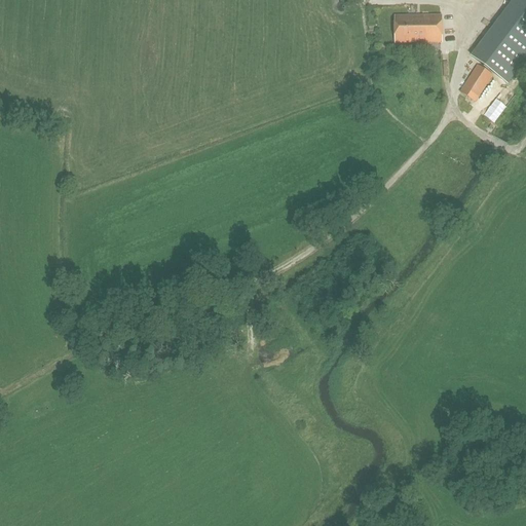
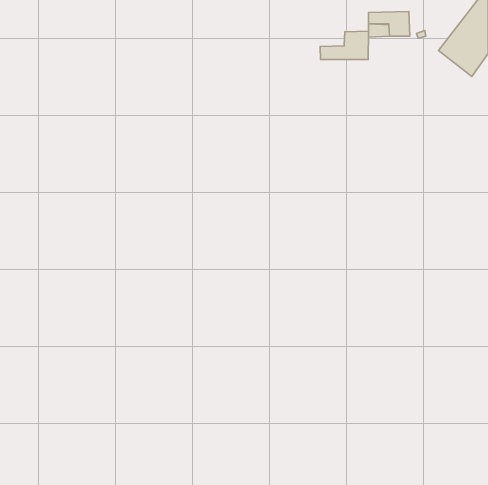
building: none -> [320,31,369,60]
building: [460,63,493,100] -> none

